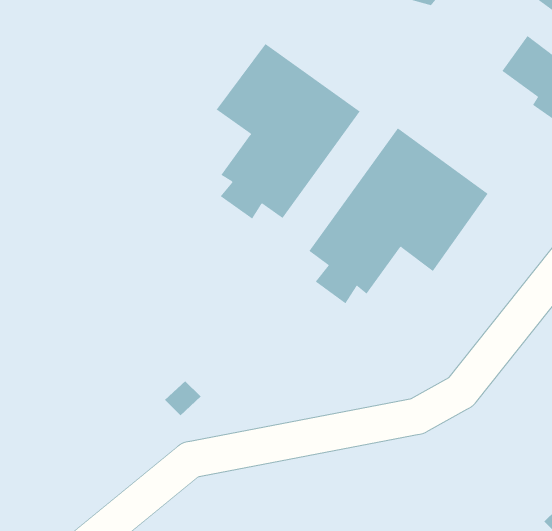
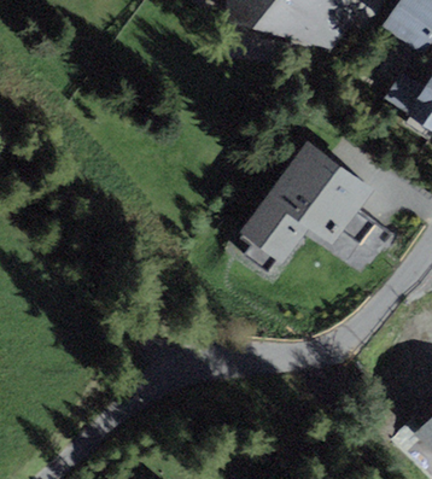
building: [216,43,360,219] -> none

